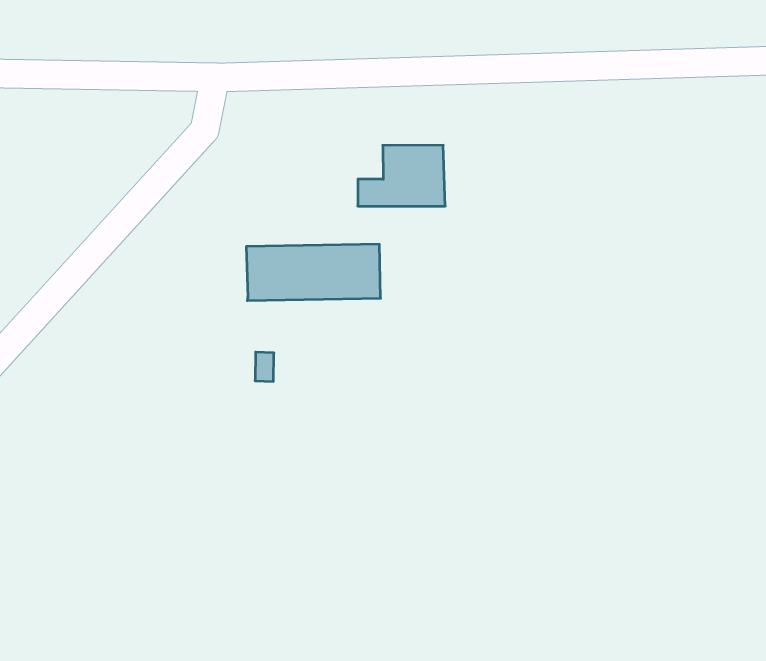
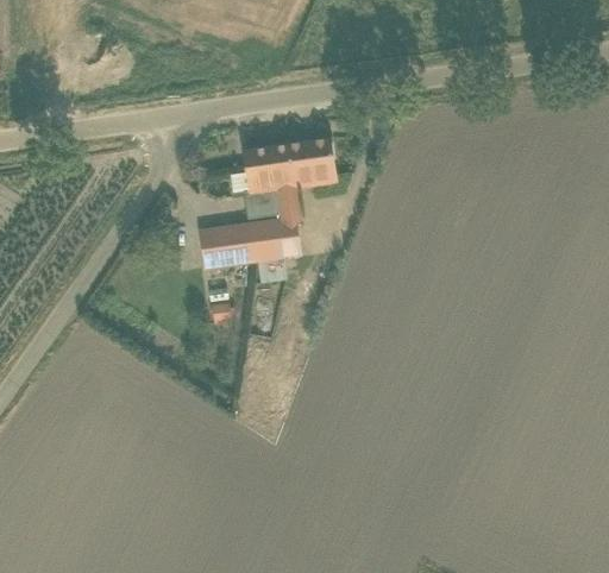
building: none -> [241,143,288,215]

